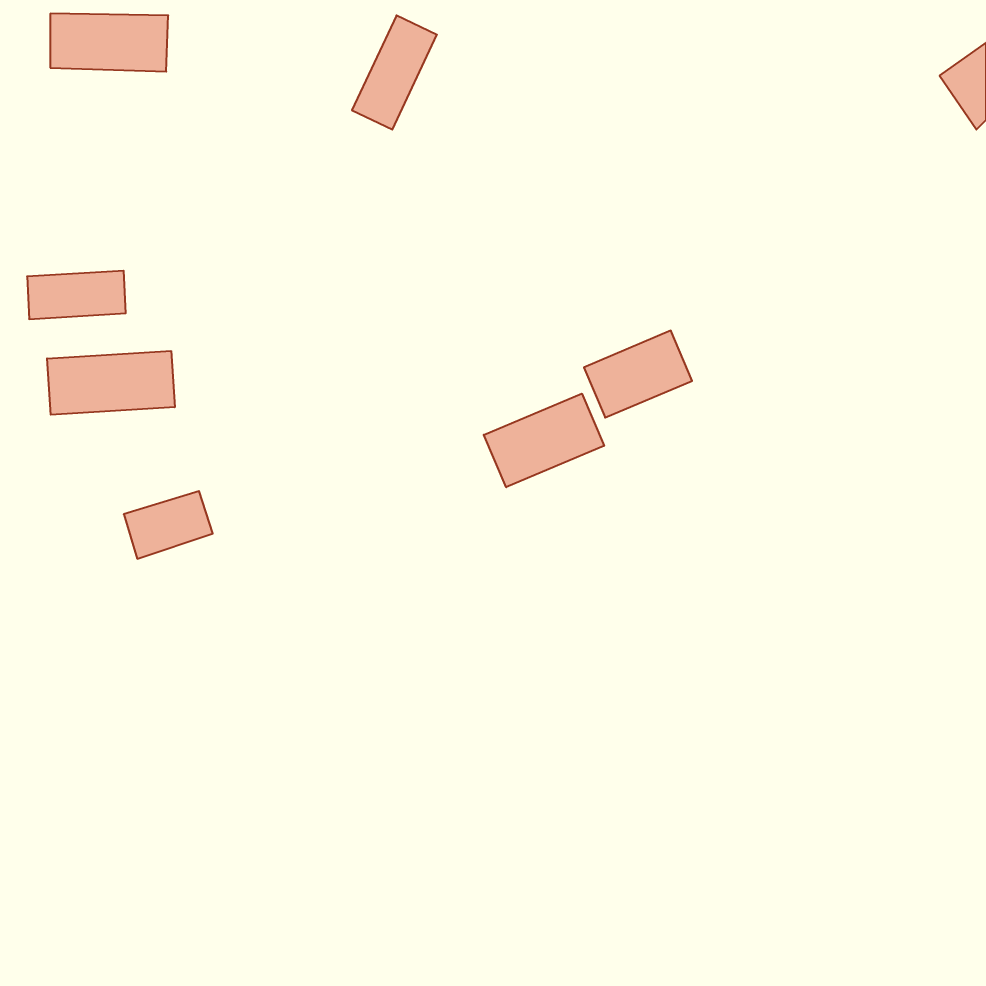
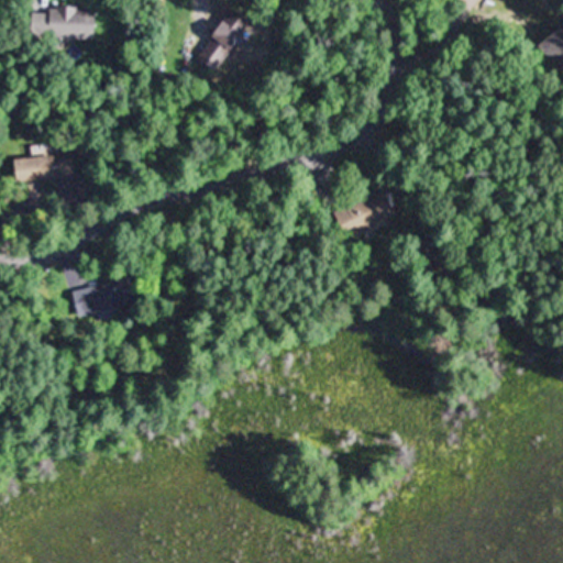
building: [47,351,175,415] -> none
building: [484,394,604,487] -> none

